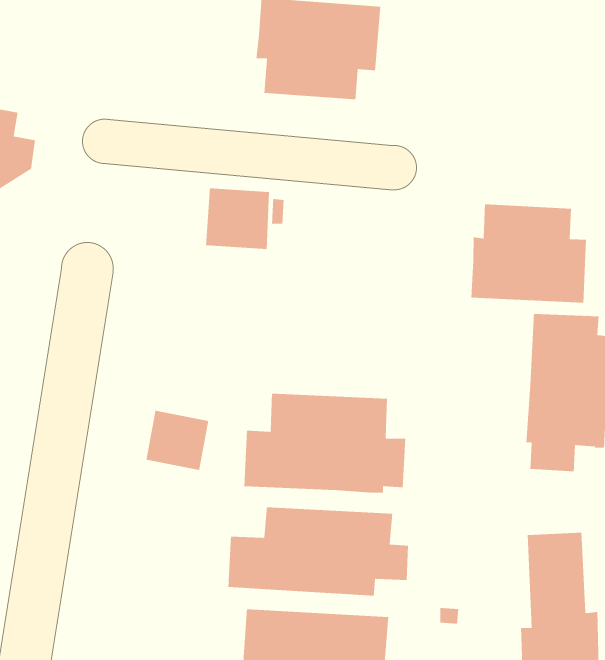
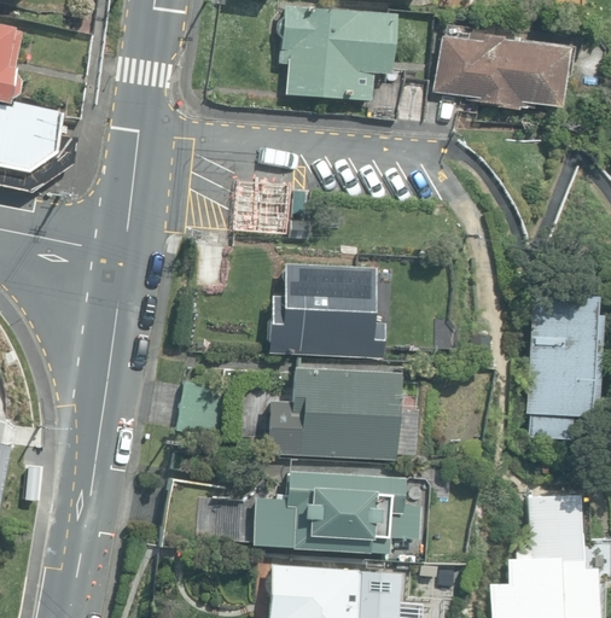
building: none -> [433,31,565,109]
building: [470,204,587,303] -> none
building: none -> [268,262,386,358]

